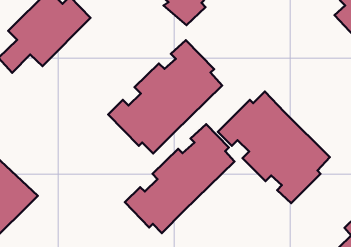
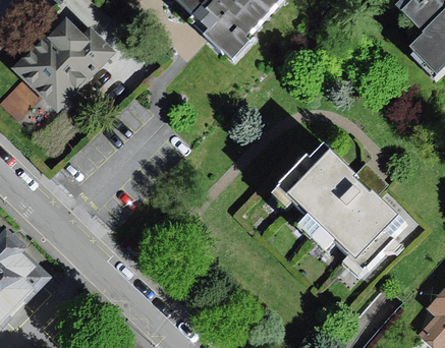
building: [108,40,222,154] -> none
building: [125,124,234,233] -> none

